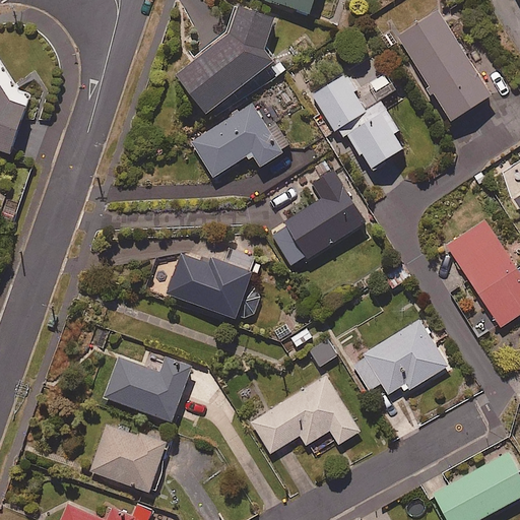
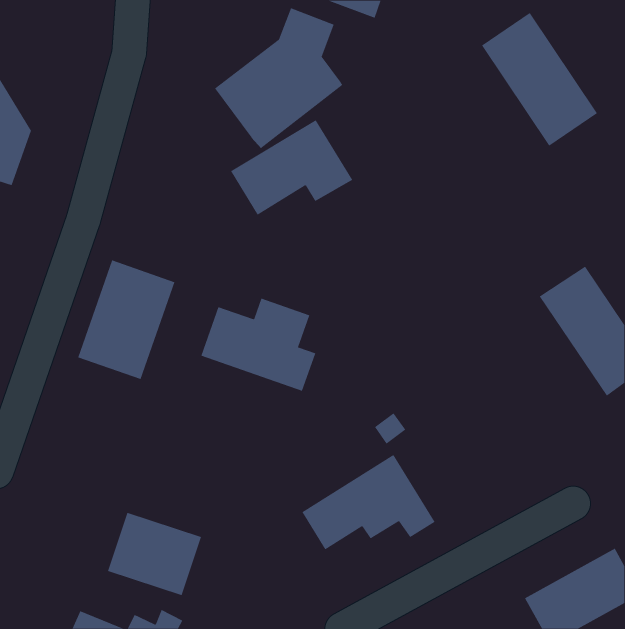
building: [311,72,404,171] -> none
building: [268,170,367,268] -> none
building: none -> [78,260,175,380]
building: [349,320,447,394] -> none
building: [102,355,193,422] -> none

